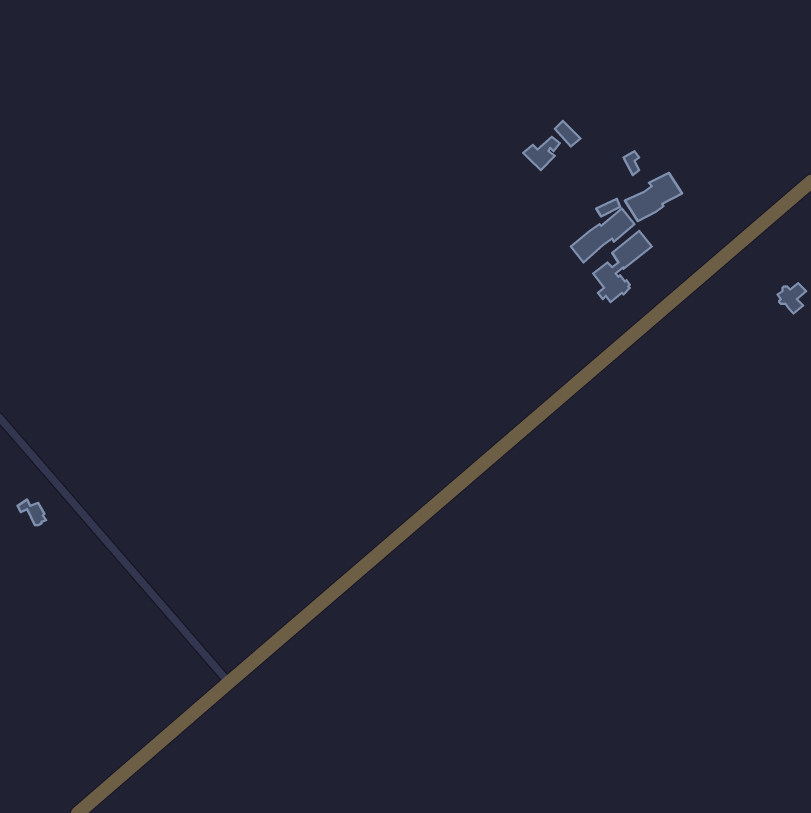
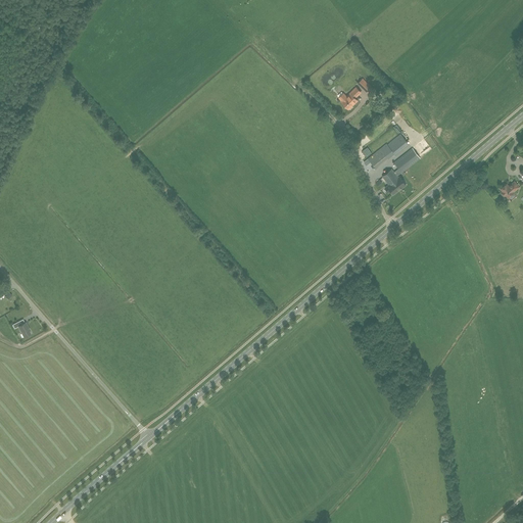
building: [625,173,682,221] -> none

